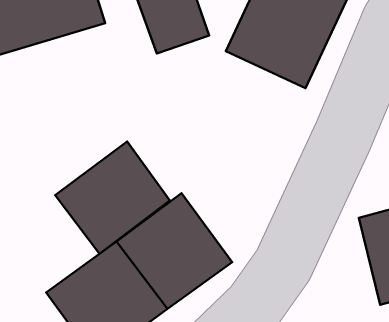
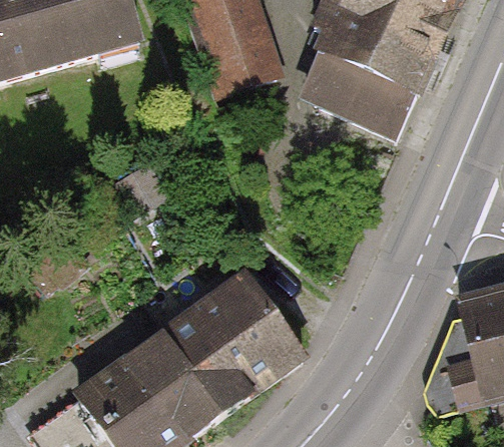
building: [55,141,170,254] -> none

